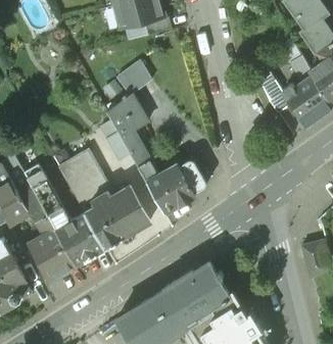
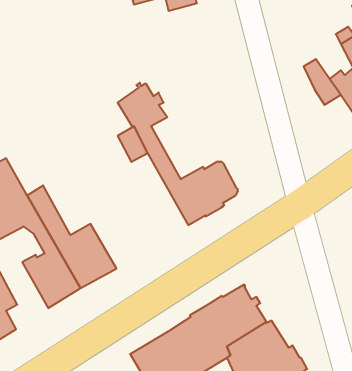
building: [117,60,152,96] -> none
building: [59,150,149,248] -> none

